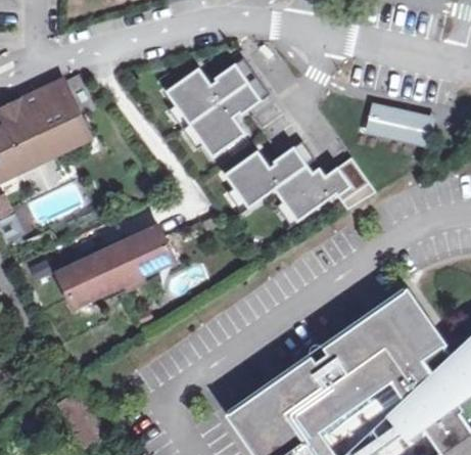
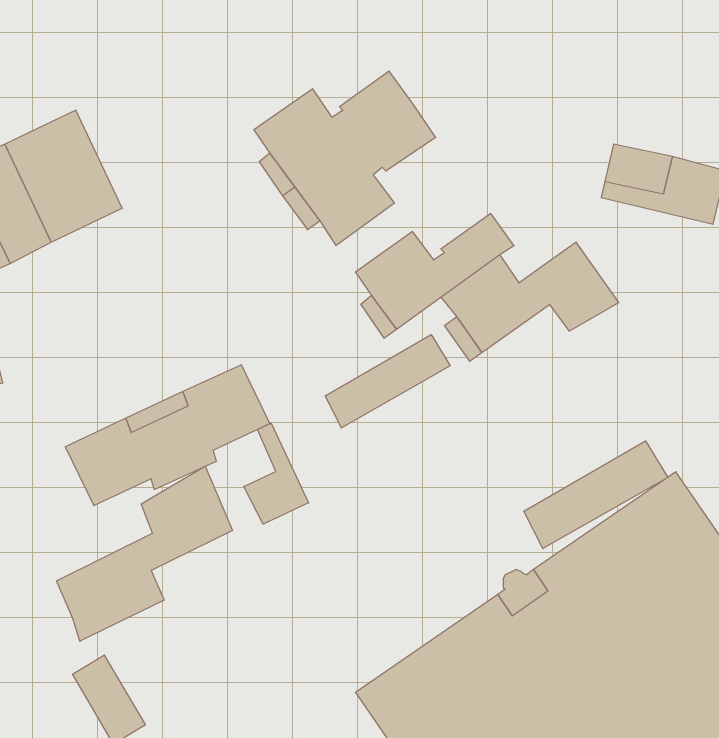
building: none -> [325,335,450,428]
building: none -> [244,423,309,524]
building: none -> [524,441,668,549]
building: none -> [57,466,232,641]

